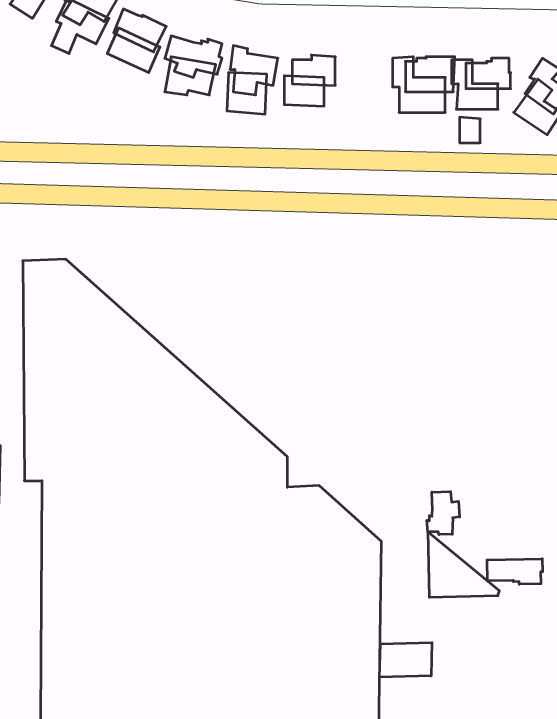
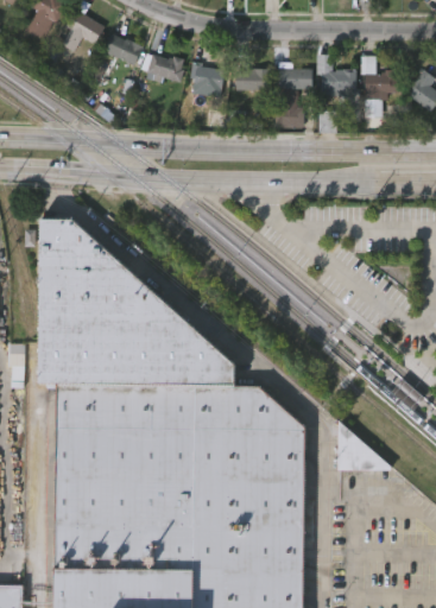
building: none -> [276,62,314,128]
building: [427,492,460,535] -> none
building: [487,559,543,584] -> none
building: [380,643,432,677] -> none

